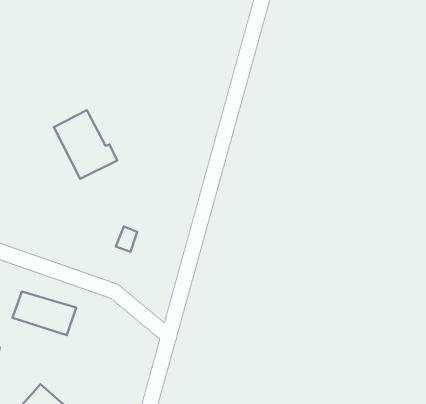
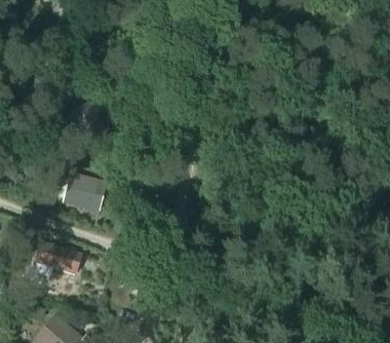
building: none -> [63,171,108,214]

